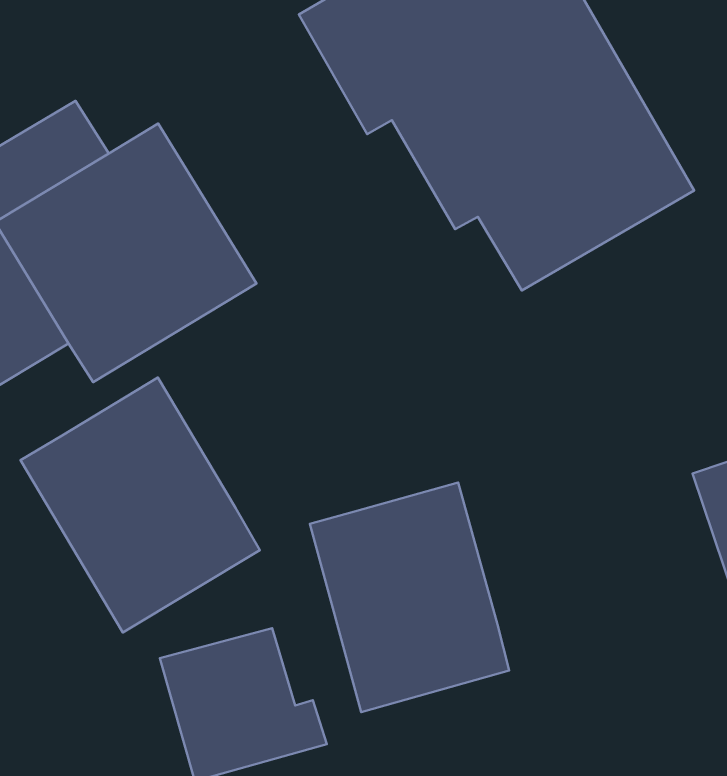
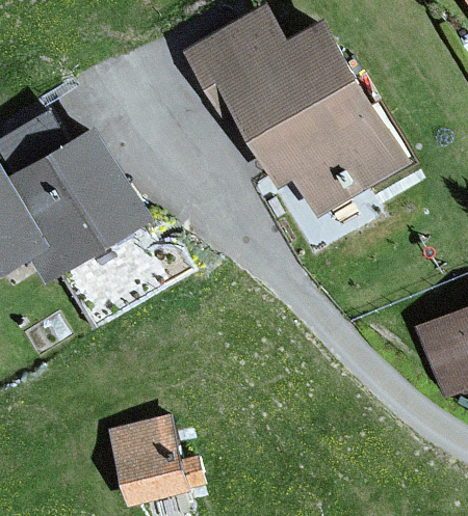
building: [21,378,260,633] -> none
building: [310,482,509,712] -> none

